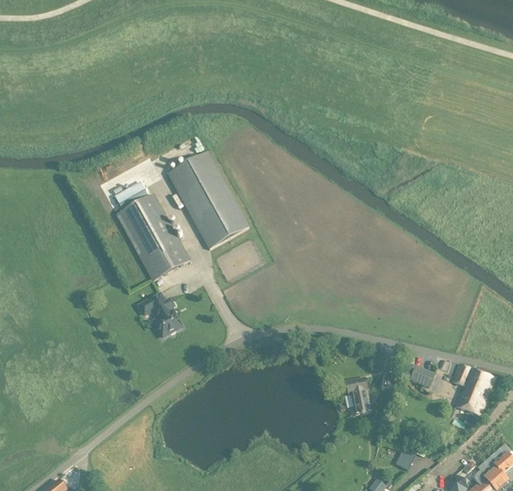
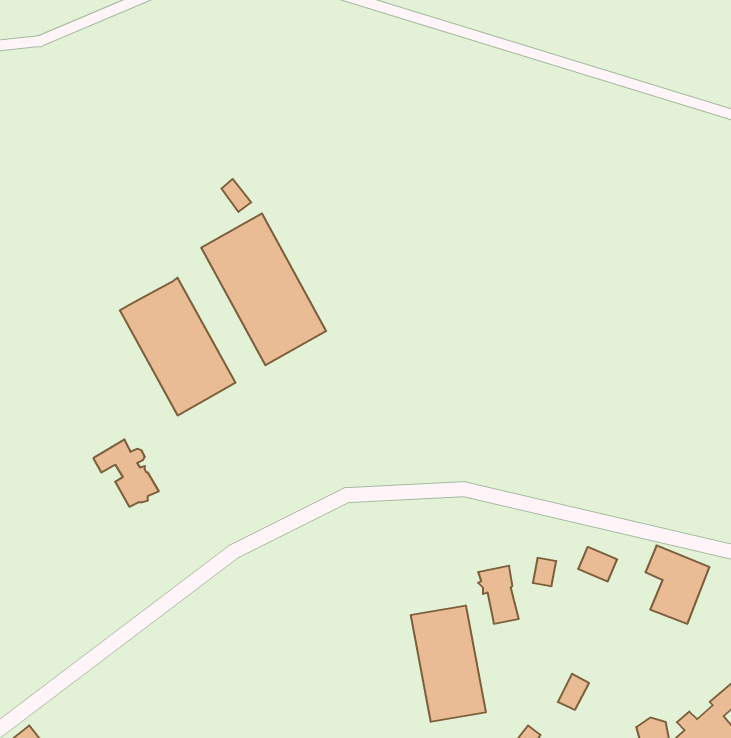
building: [114,180,148,209] -> none
building: [139,293,181,336] -> [93,439,159,507]
building: none -> [411,605,486,722]

